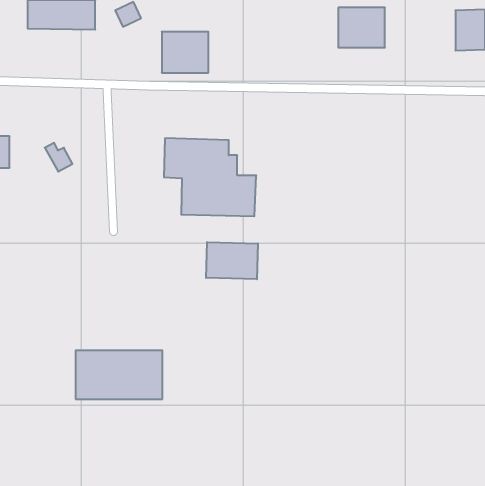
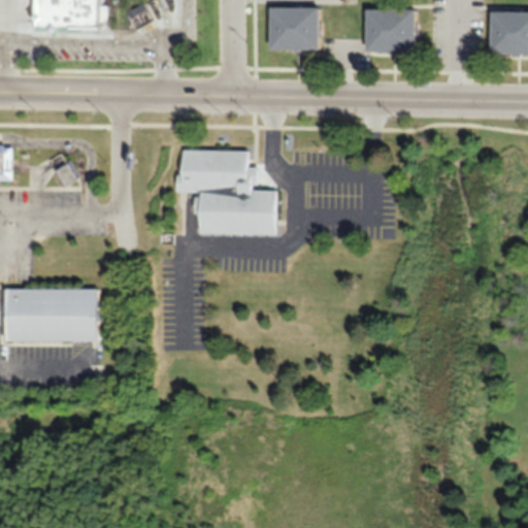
building: [162,32,208,73] -> [270,7,321,52]
building: [206,242,258,279] -> none
building: [76,350,162,399] -> [4,289,98,341]

